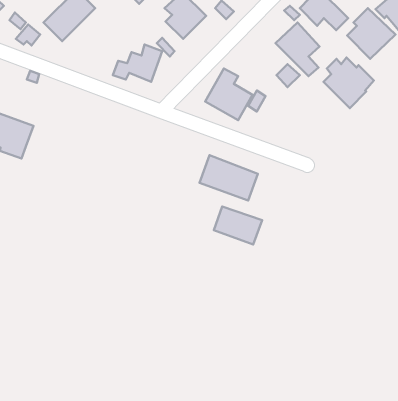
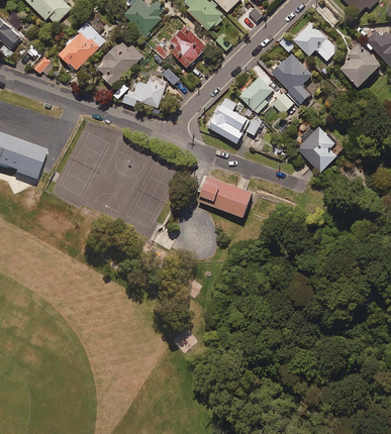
building: none -> [101,39,143,88]
building: none -> [239,77,273,113]
building: [323,58,374,108] -> [297,126,344,173]
building: [214,206,262,245] -> none

